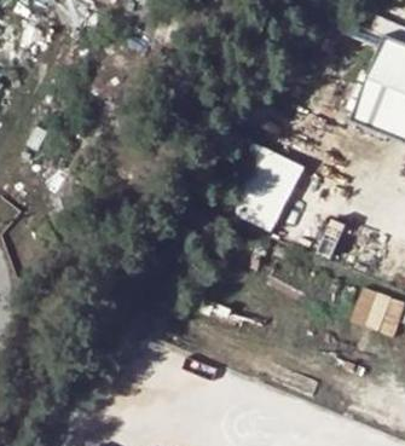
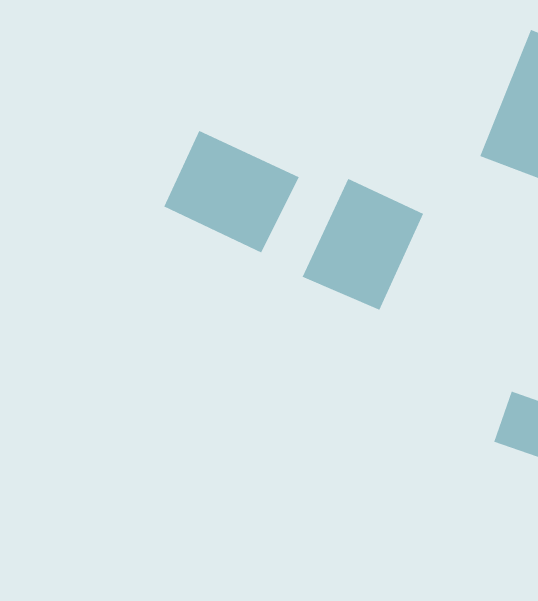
building: none -> [163,130,300,253]

